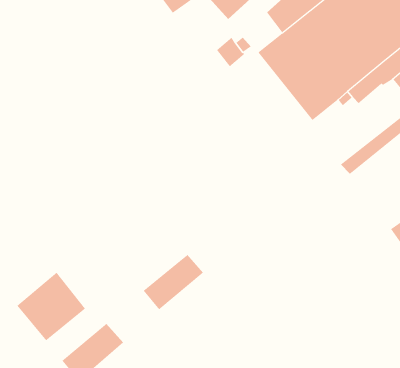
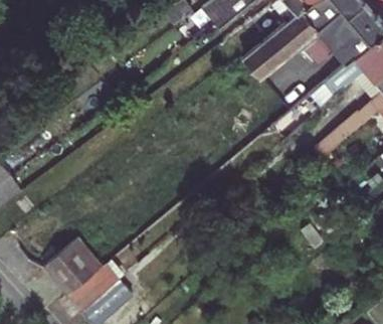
building: [143,254,204,310] -> [69,265,120,311]

